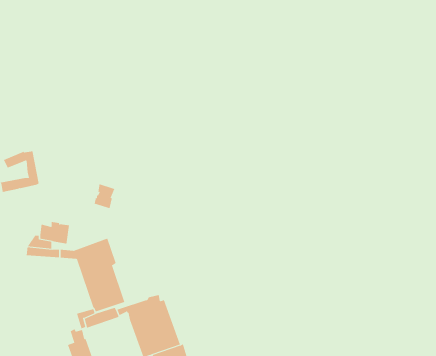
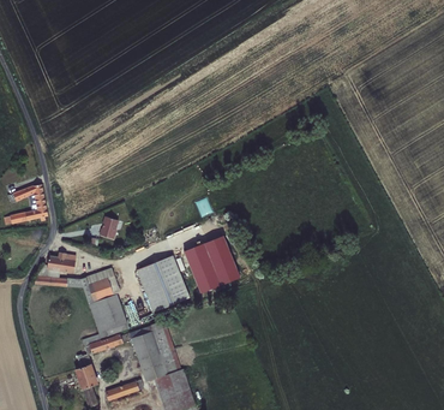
building: none -> [182,234,239,293]
building: none -> [136,255,188,311]

